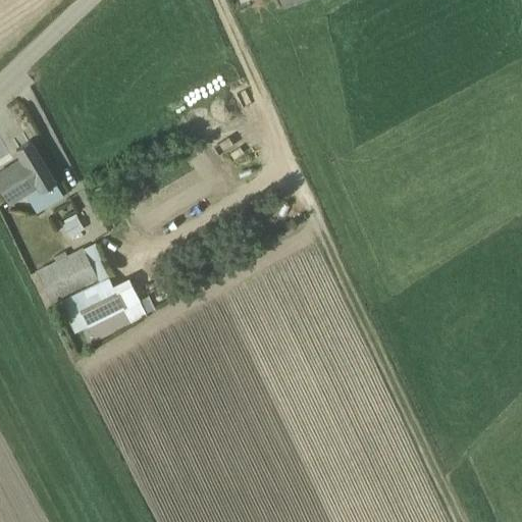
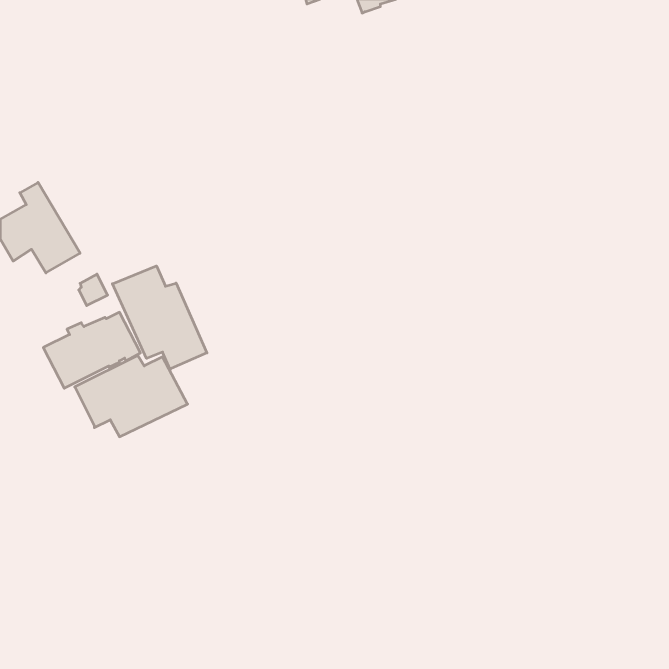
building: none -> [112,266,207,370]

